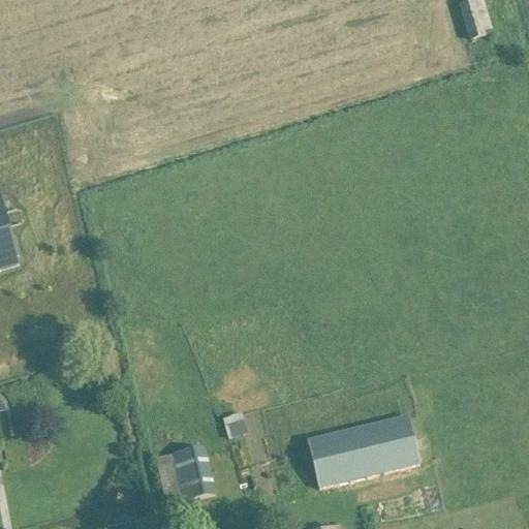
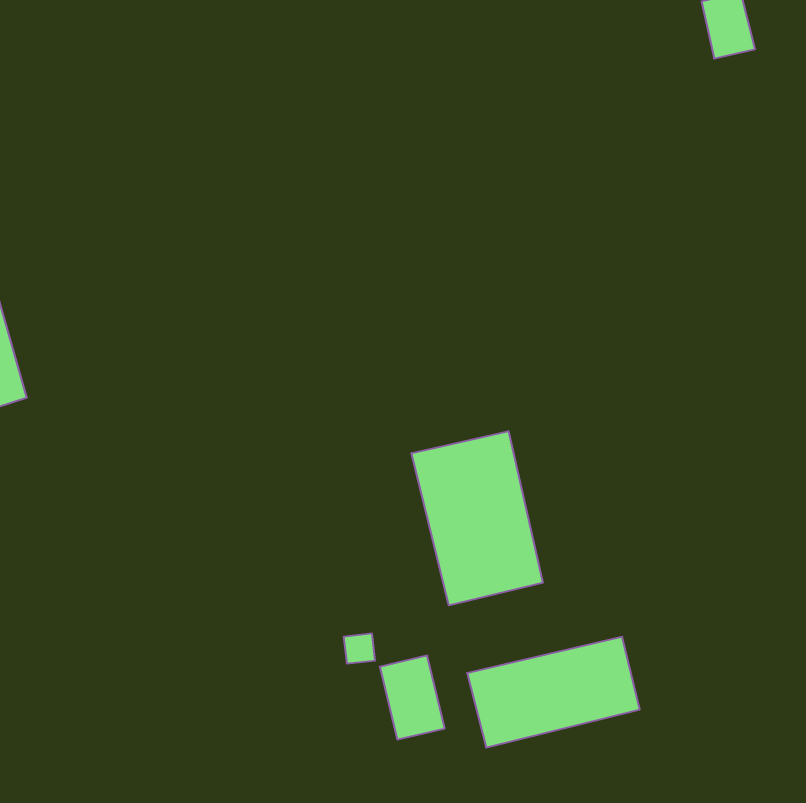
building: none -> [411,431,543,605]
building: [170,445,213,500] -> [380,656,445,740]

